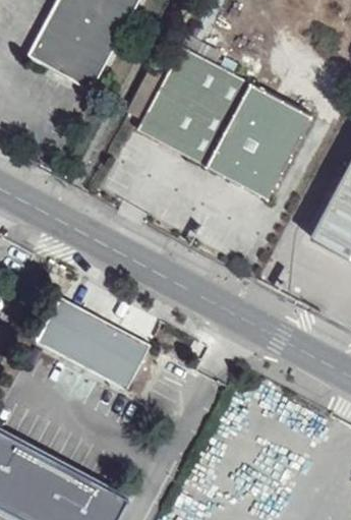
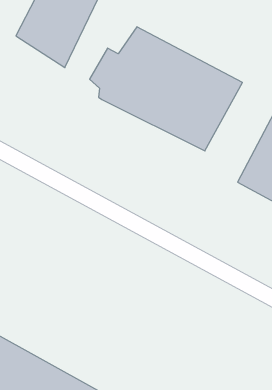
building: [42,300,152,393] -> none

